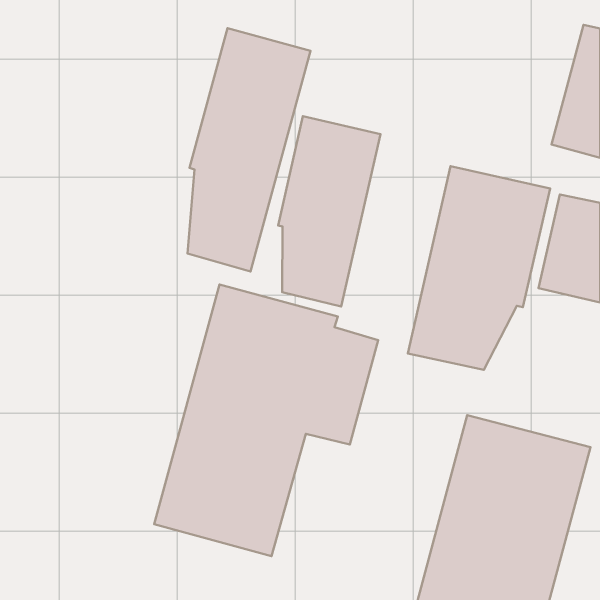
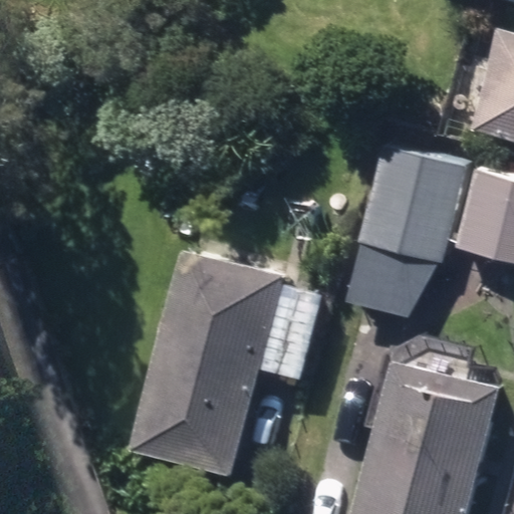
building: [187,28,311,272] -> none
building: [278,116,381,306] -> none

